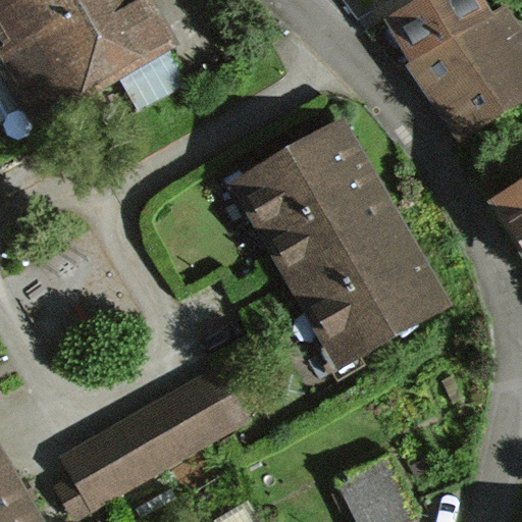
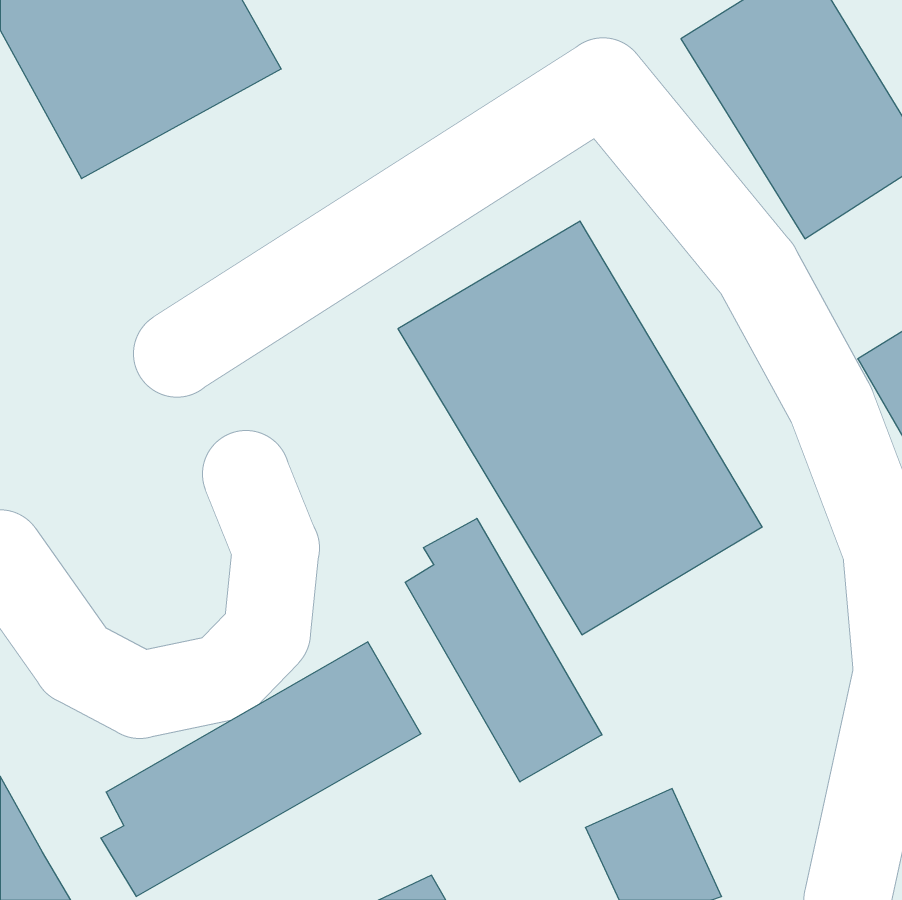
building: none -> [405,518,602,782]

